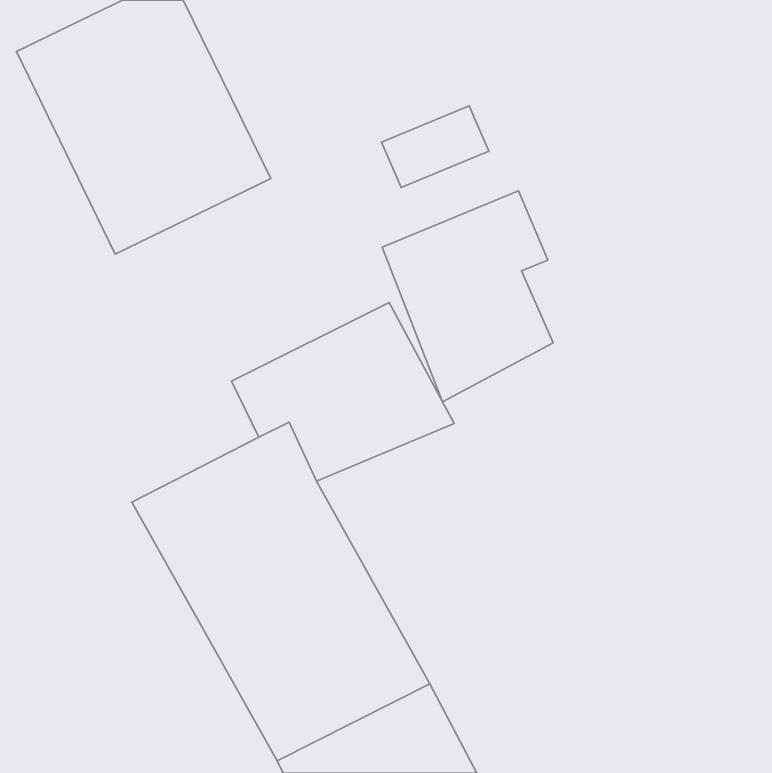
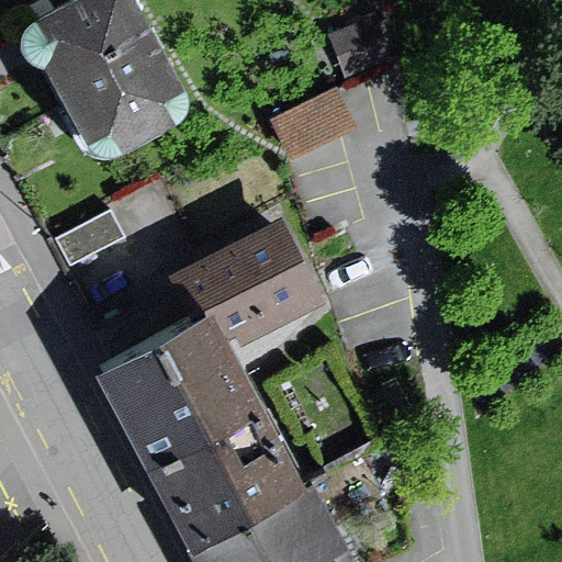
building: [382,191,553,402] -> none

